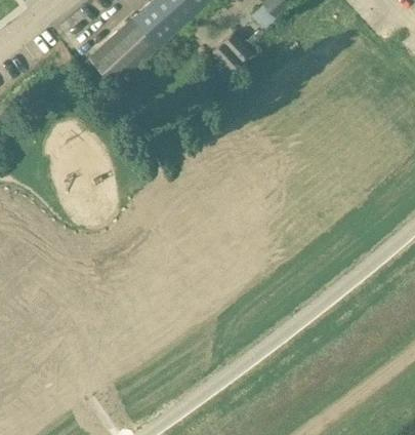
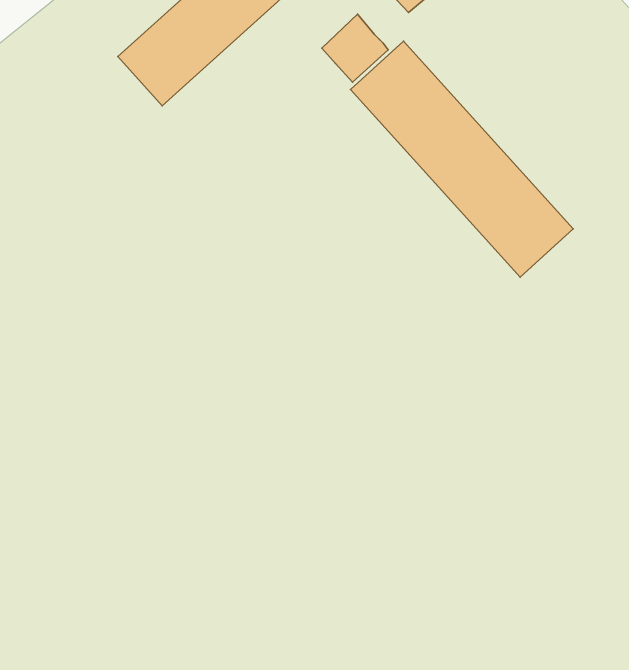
building: none -> [350,41,573,277]

